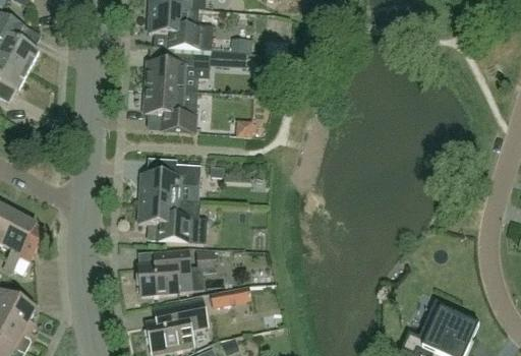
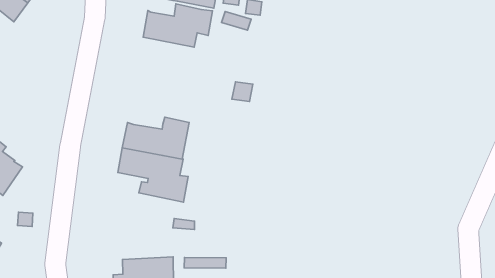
building: [142,86,195,130] -> none
building: [137,248,190,294] -> none

